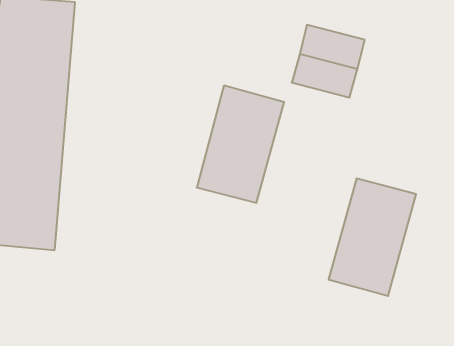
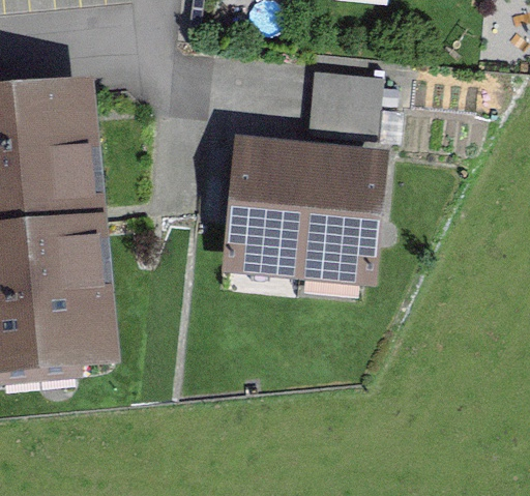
building: [329,179,416,296] -> [300,154,375,269]

